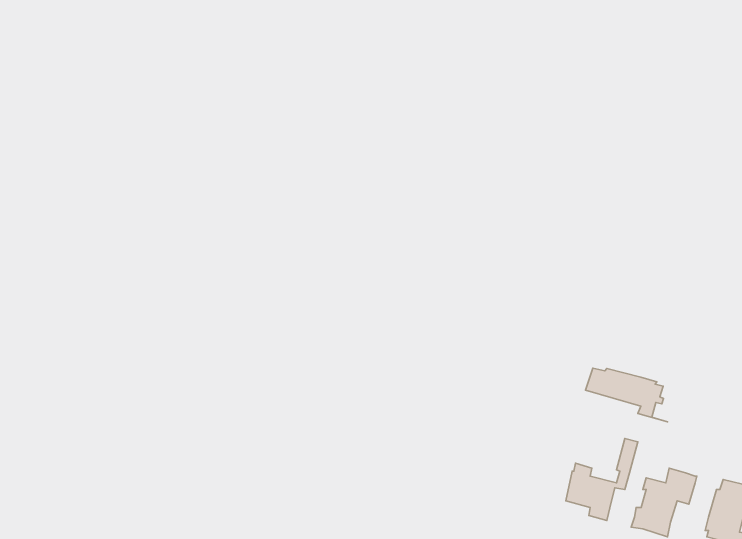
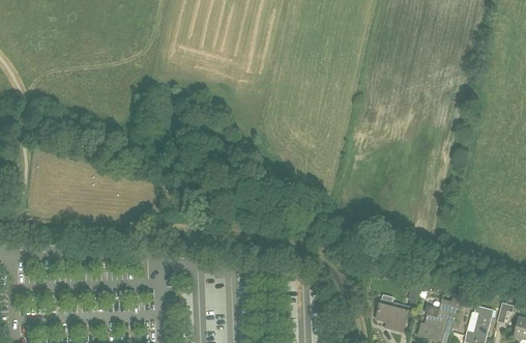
building: [586,368,668,422] -> none

